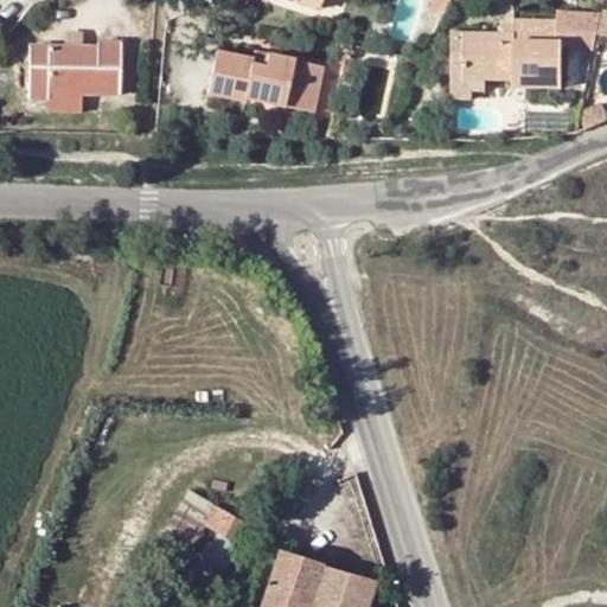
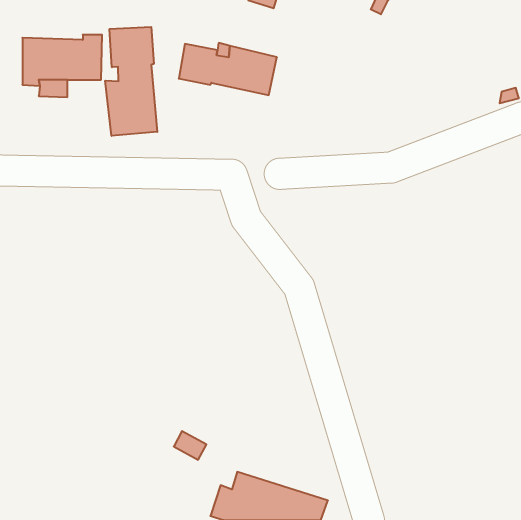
building: [462,12,600,87] -> none
building: none -> [105,27,157,136]

